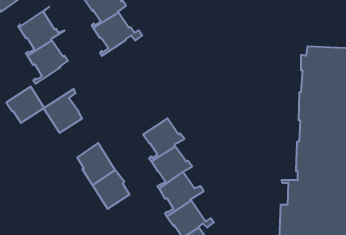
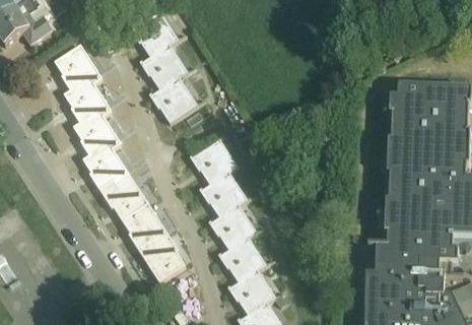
building: none -> [150,77,199,122]
building: [6,87,44,123] -> [71,111,117,154]
building: none -> [188,136,238,191]
building: none -> [99,172,146,218]

